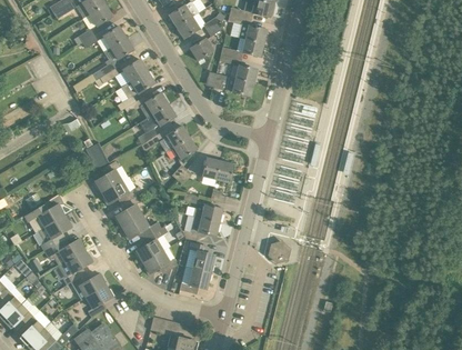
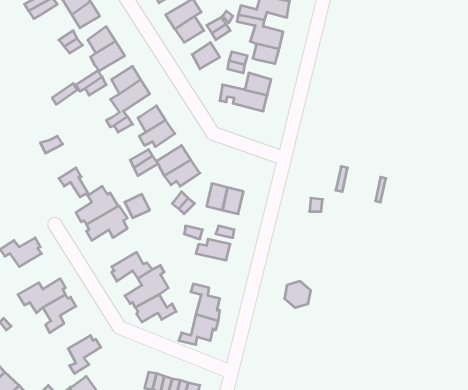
building: [113,194,143,227] -> none
building: [38,216,72,250] -> none
building: [181,216,219,240] -> none
building: [70,272,104,299] -> none

